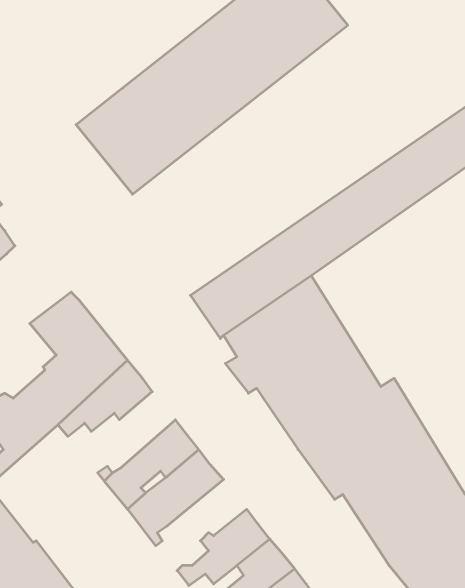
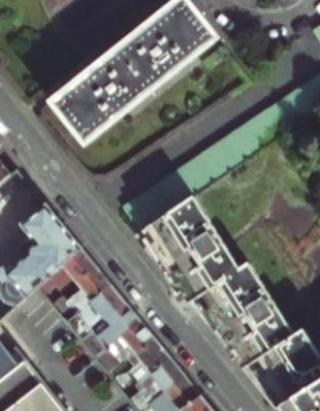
building: none -> [67,267,111,315]
building: none -> [106,322,156,367]

